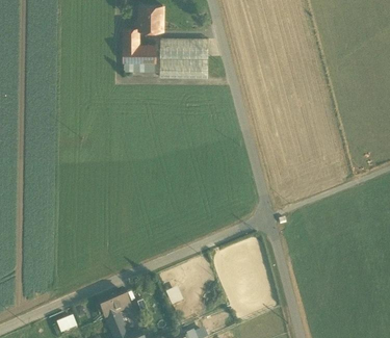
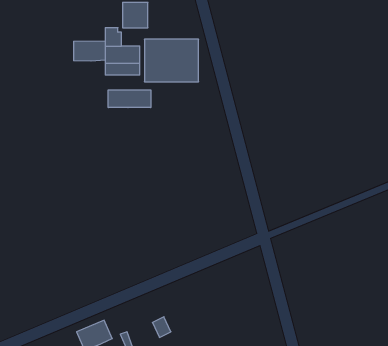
building: none -> [74,41,105,61]
building: none -> [108,90,151,108]

